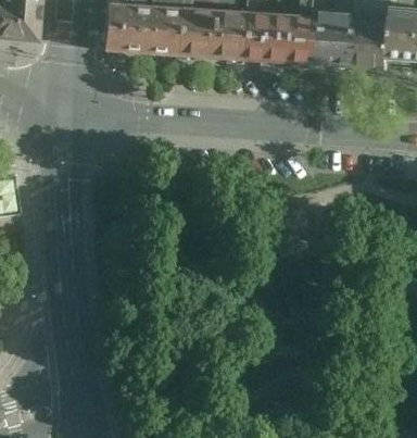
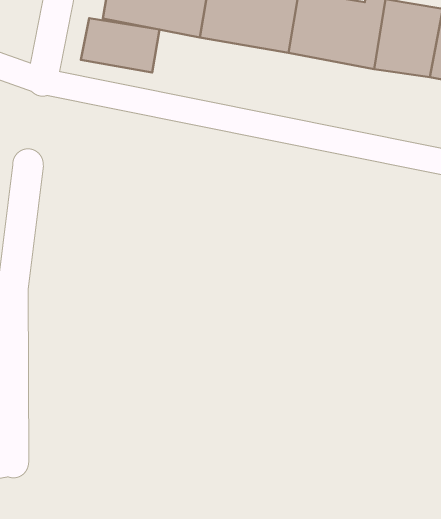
building: none -> [81,18,159,72]

